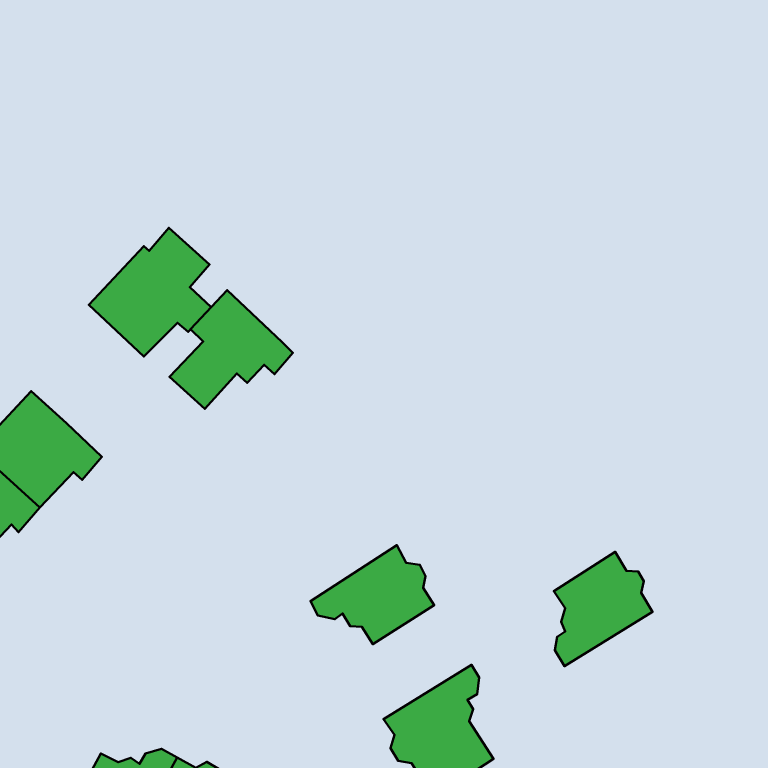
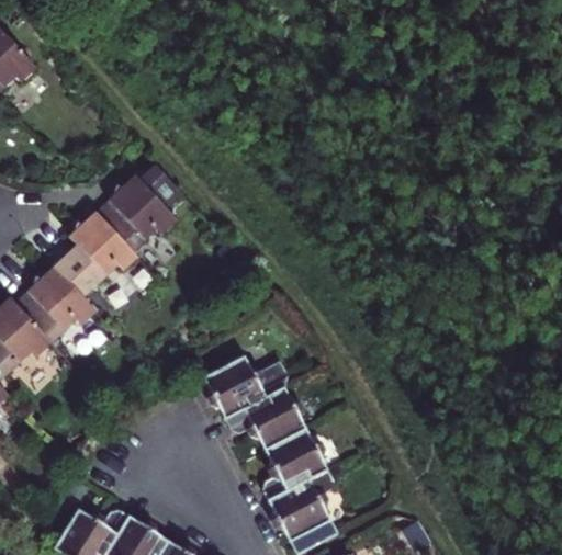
building: [169,290,293,409] -> [50,212,134,290]
building: none -> [204,356,286,420]
building: [554,552,653,666] -> [263,429,330,502]

